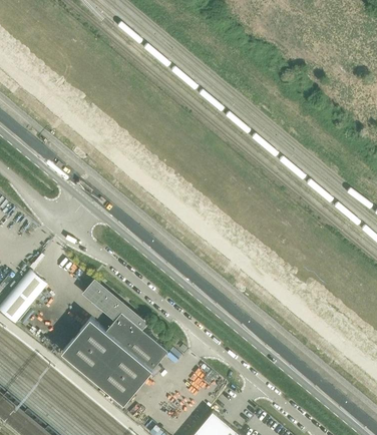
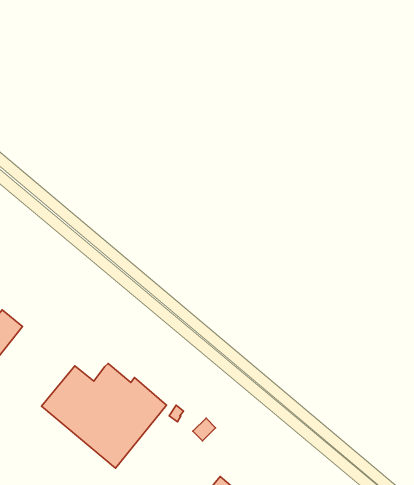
building: [84,284,144,334] -> none

